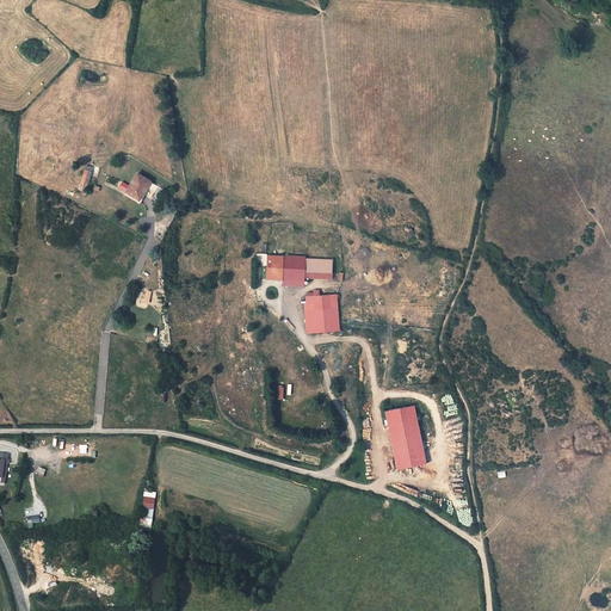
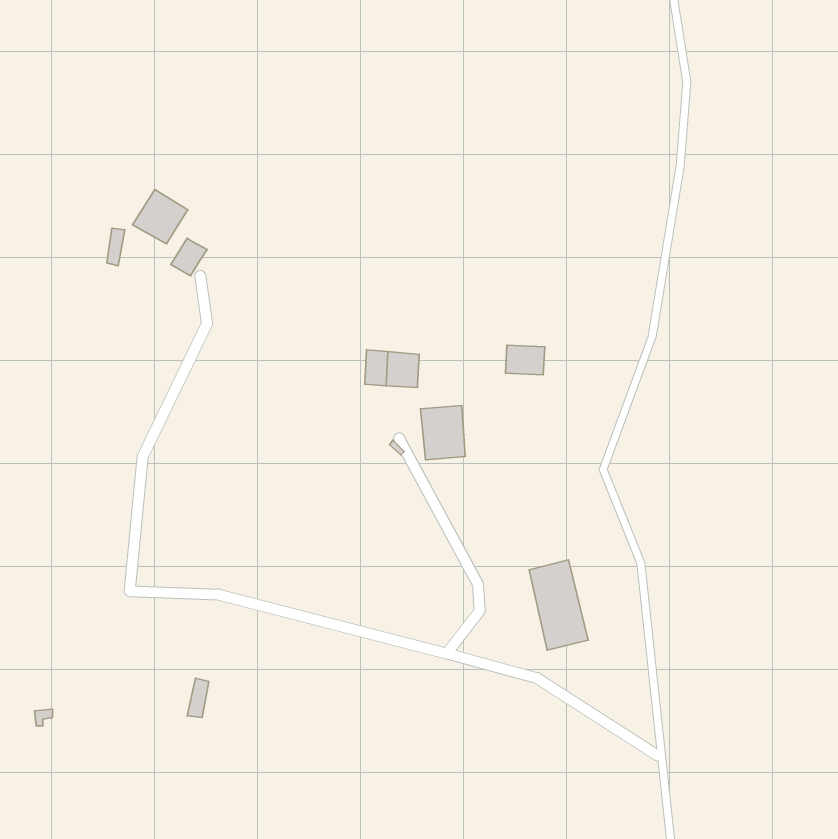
building: none -> [133,190,188,244]
building: [303,259,332,280] -> [505,345,545,375]

